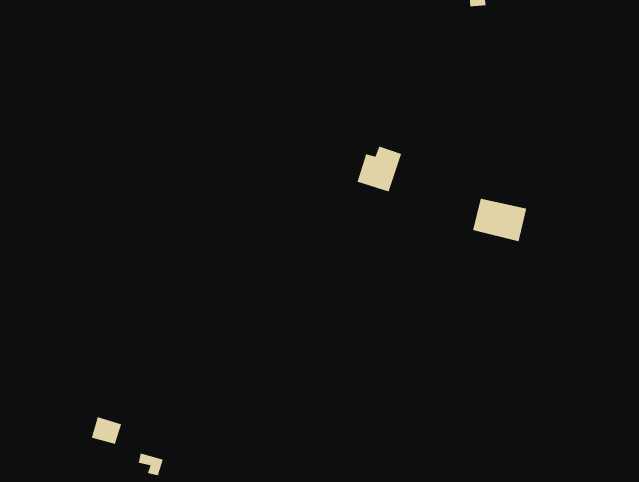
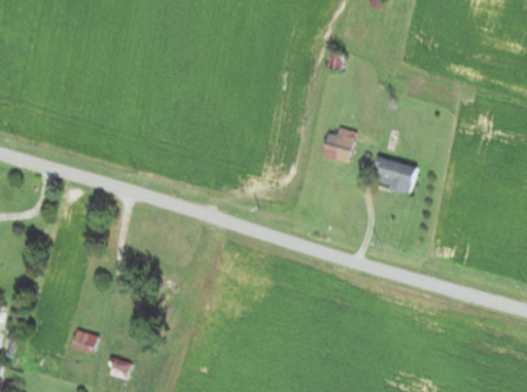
building: [356,146,402,193] -> [320,126,356,163]

